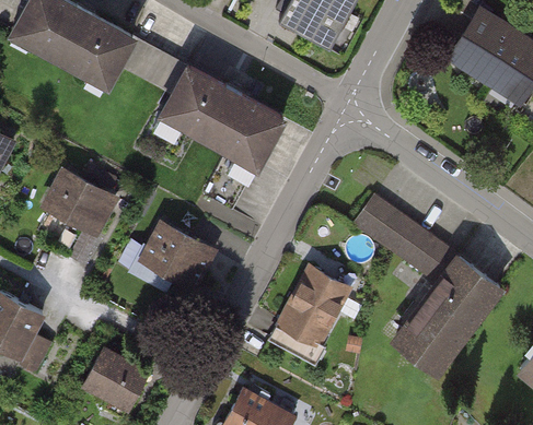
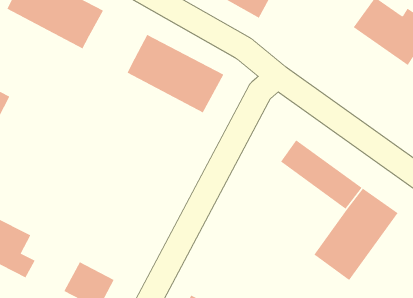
building: [117,36,188,96] -> none
building: [39,168,120,238] -> none
building: [136,220,216,290] -> none
building: [268,268,350,365] -> none

